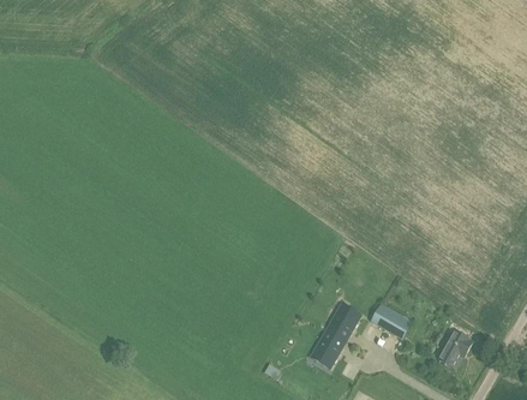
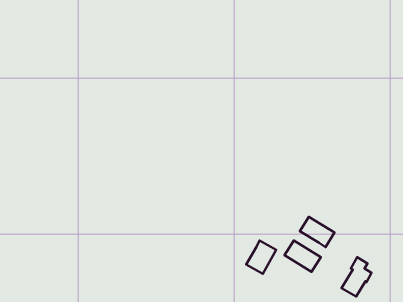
building: none -> [300,217,334,247]
building: [310,330,345,368] -> none

